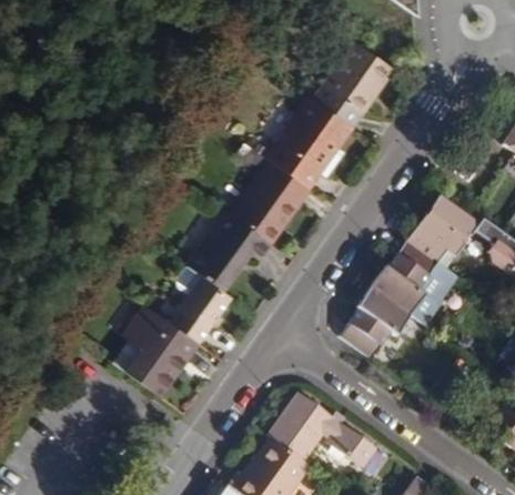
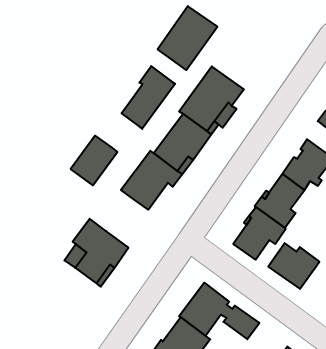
building: [317,40,398,127] -> [158,6,217,70]
building: none -> [122,66,175,129]
building: [170,273,233,341] -> [71,136,117,185]
building: none -> [268,243,319,289]

